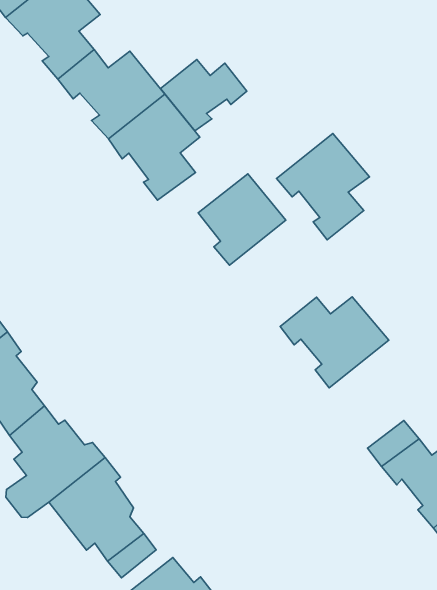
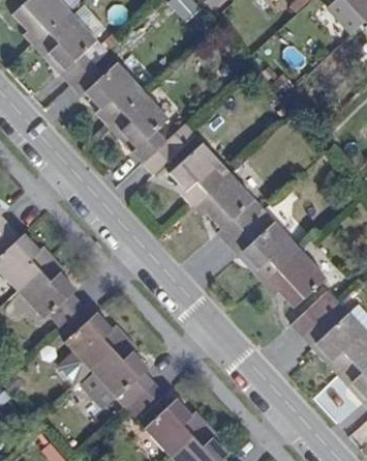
building: [160,60,247,131] -> none
building: [277,134,370,240] -> [197,168,259,239]
building: none -> [271,242,334,299]

